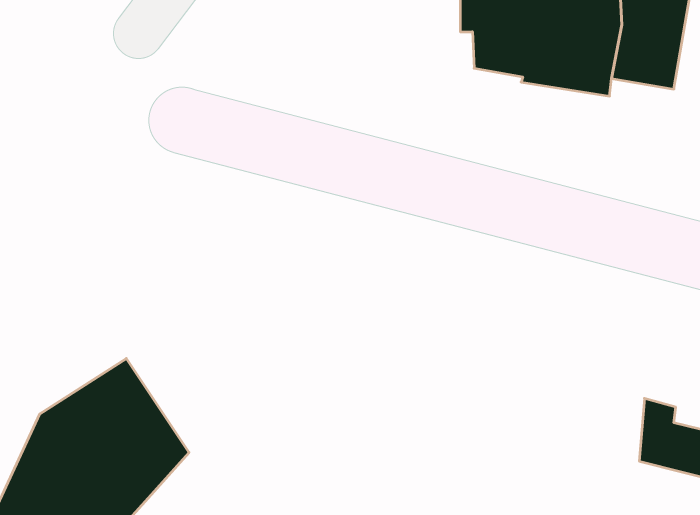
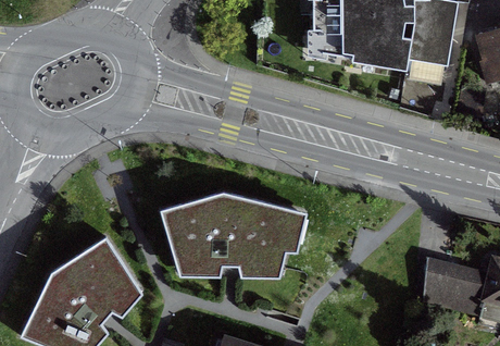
building: none -> [164,193,295,276]

